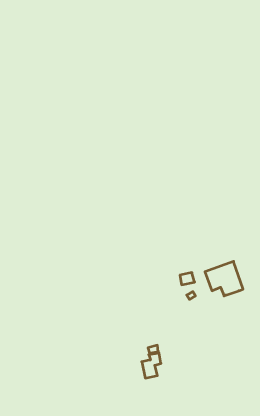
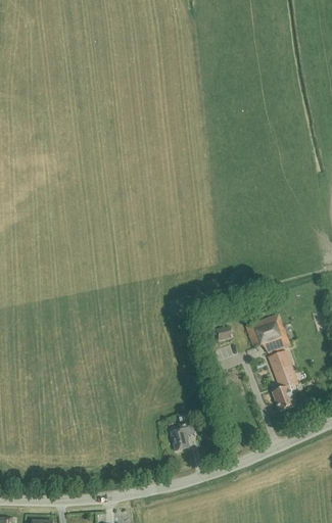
building: none -> [267,349,297,410]

